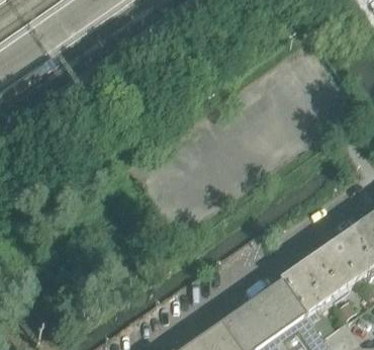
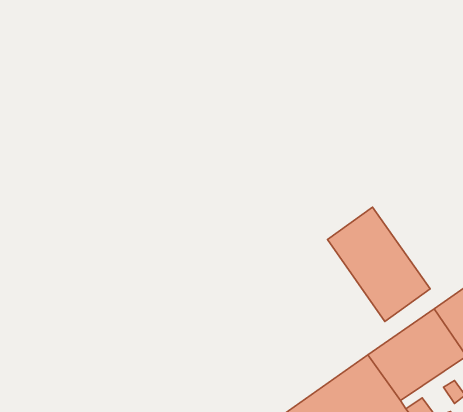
building: none -> [327,207,430,321]

